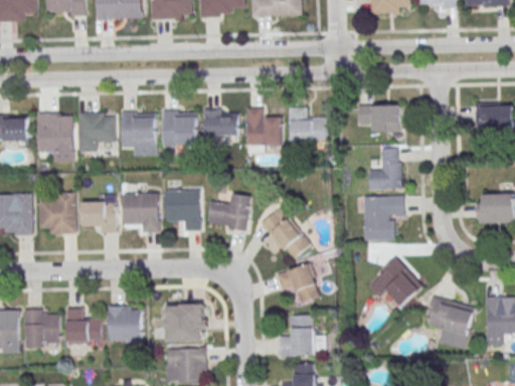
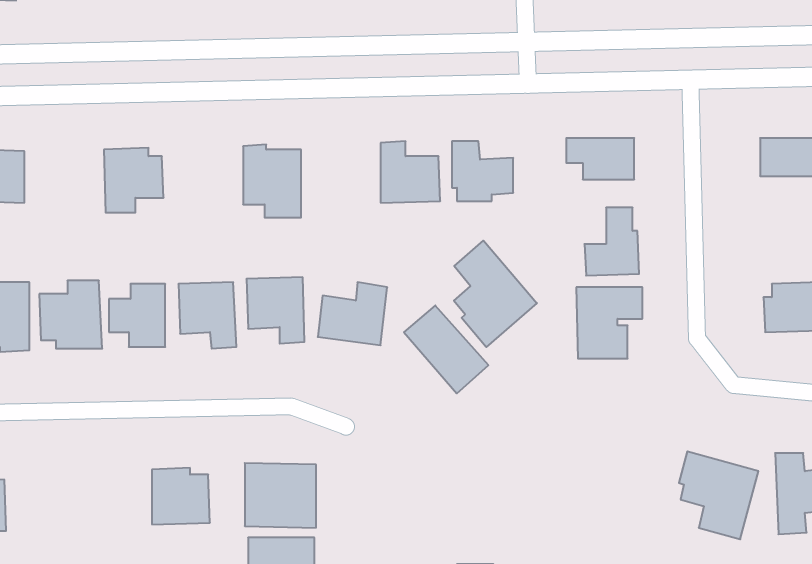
building: [203,109,238,136] -> none
building: [120,111,156,155] -> none
building: [36,113,74,152] -> none
building: none -> [454,241,537,347]
building: [369,256,422,305] -> none
building: [276,263,320,303] -> none
building: [65,308,102,348] -> none
building: [23,309,59,348] -> none
building: [279,316,324,356] -> none

